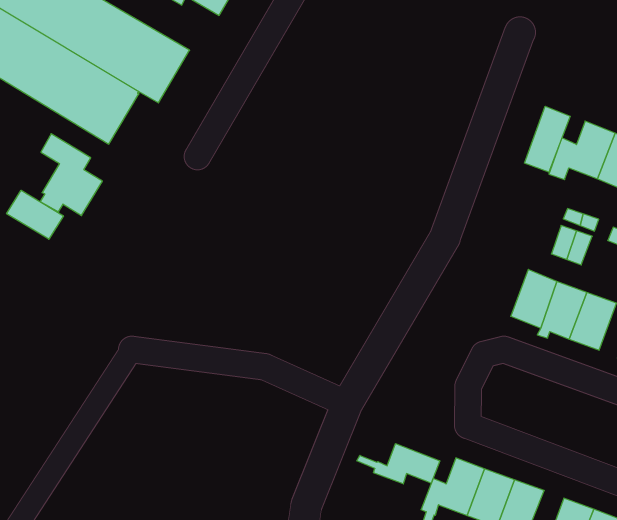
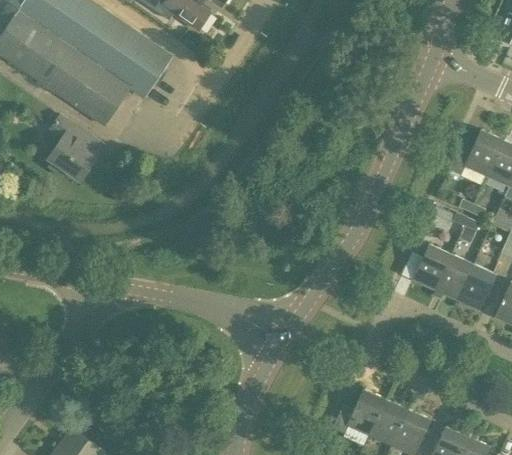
building: [524,106,570,172] -> none
building: [7,190,63,239] -> none
building: [357,444,440,484] -> none

